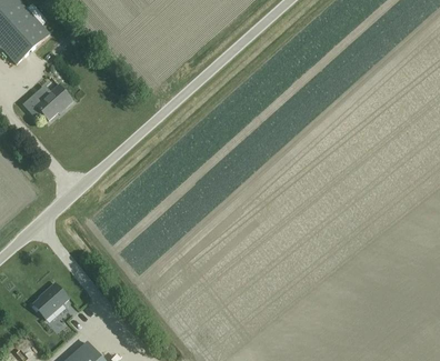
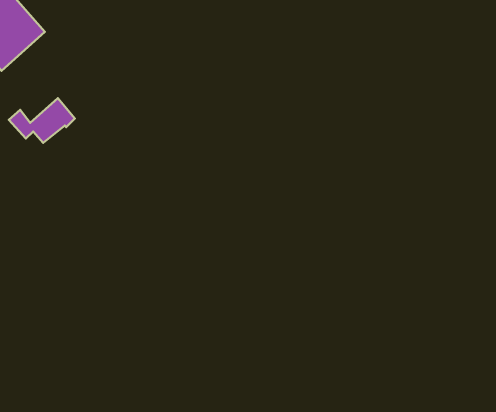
building: [33,282,69,319] -> none

